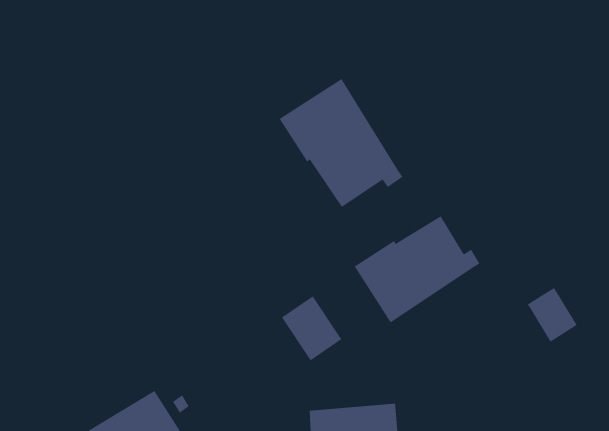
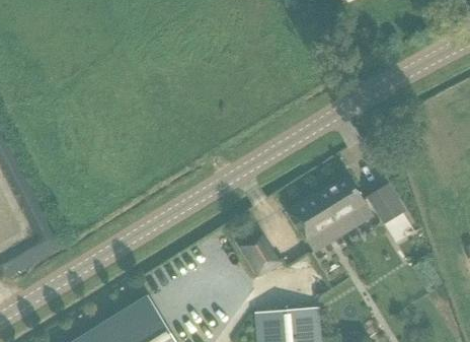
building: [279,78,403,208] -> none
building: [527,287,578,342] -> [367,185,402,223]

